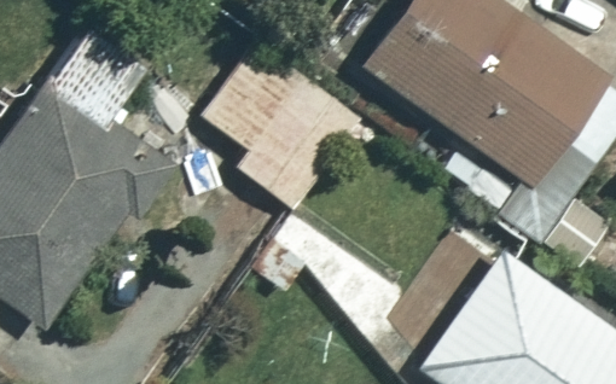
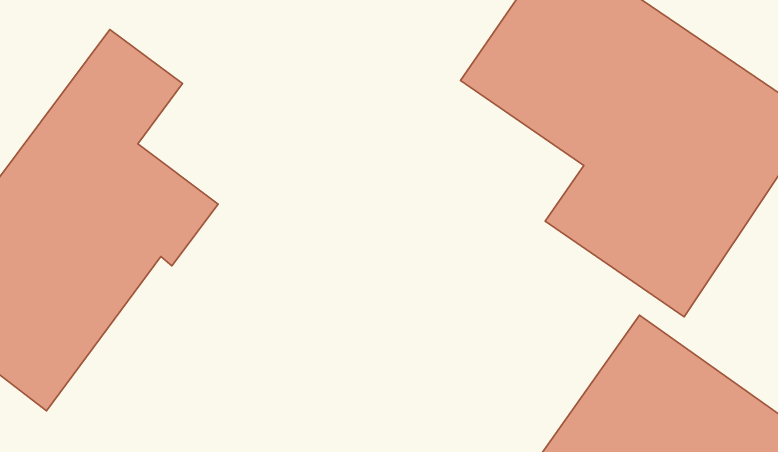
building: [204,42,354,203] -> none

